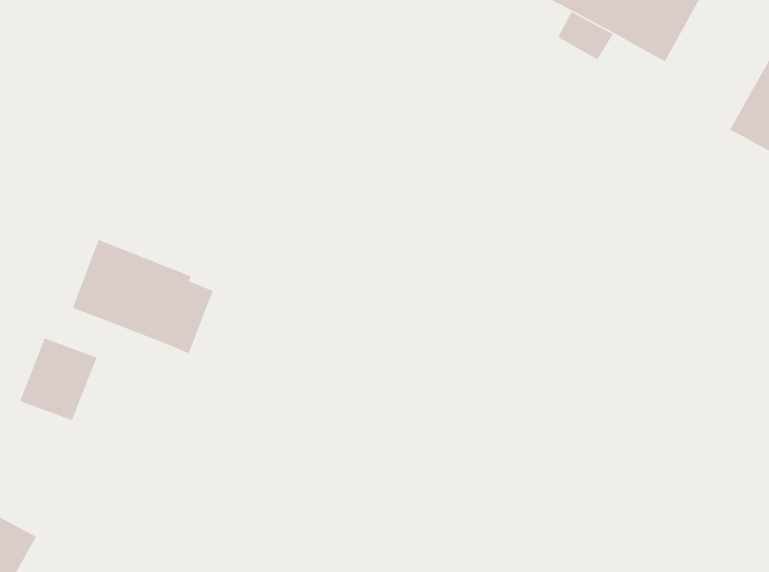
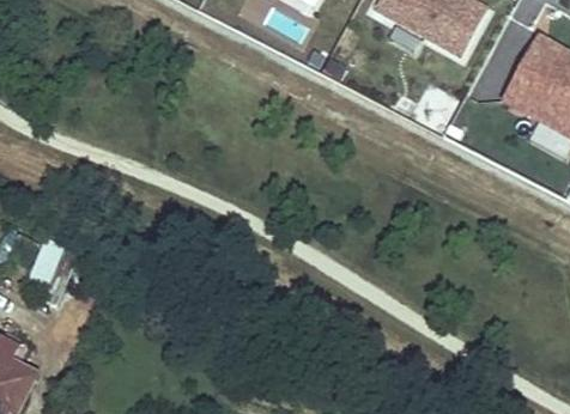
building: [72,239,214,354] -> none

